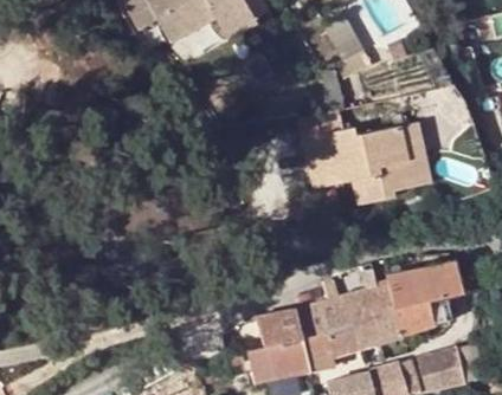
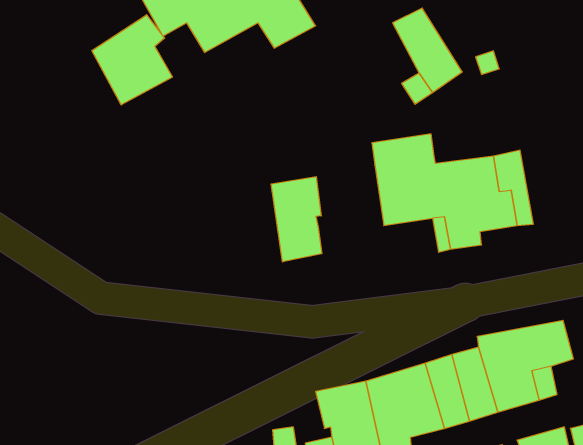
building: none -> [92,15,172,105]
building: none -> [271,177,322,262]

